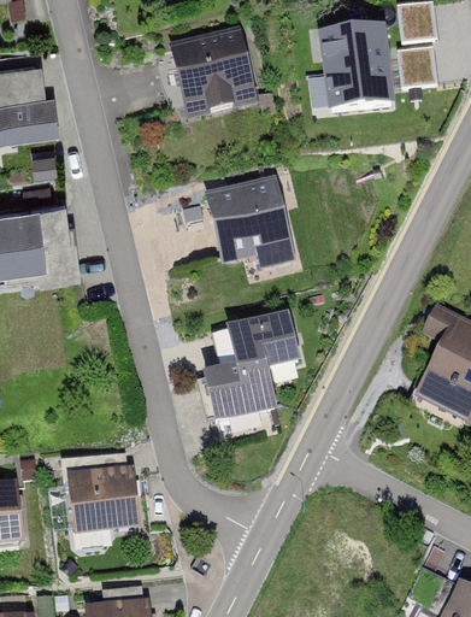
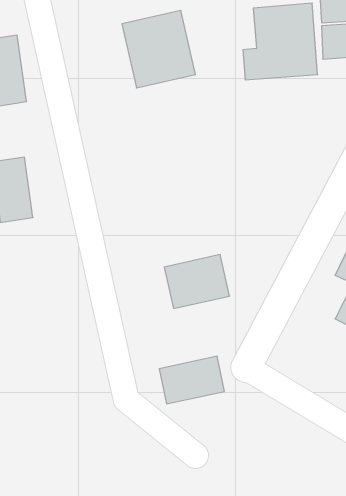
building: [199,178,287,265] -> none
building: [193,372,269,428] -> [159,356,224,404]
building: [66,466,145,540] -> none

